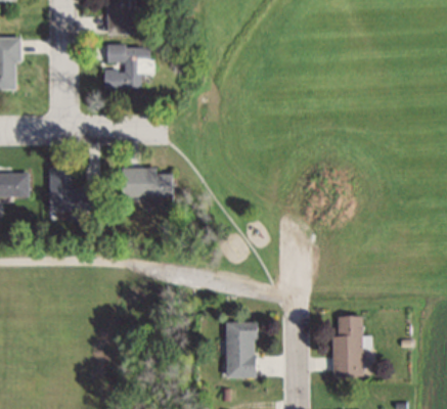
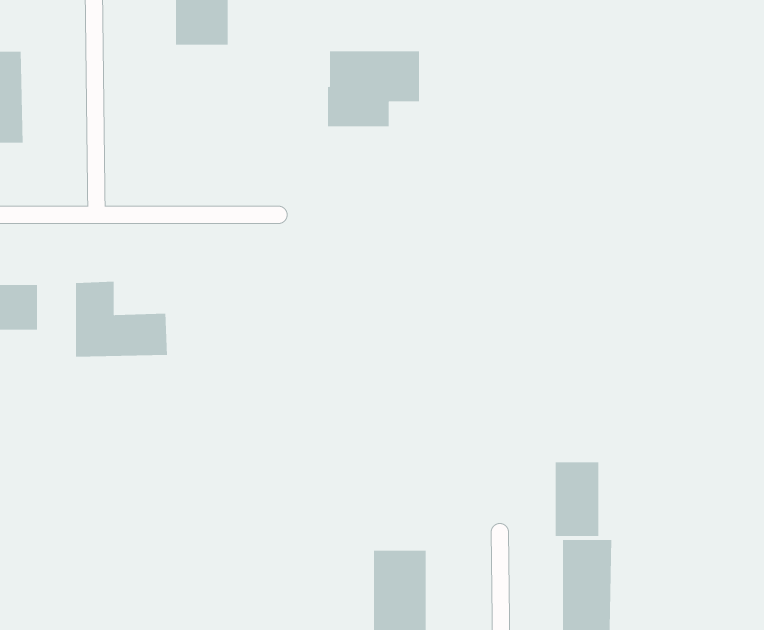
building: [106,45,160,89] -> [327,50,420,127]
building: [122,168,176,198] -> none
building: none -> [555,461,599,537]

